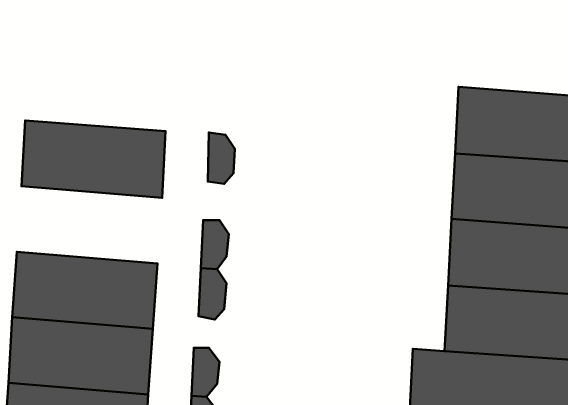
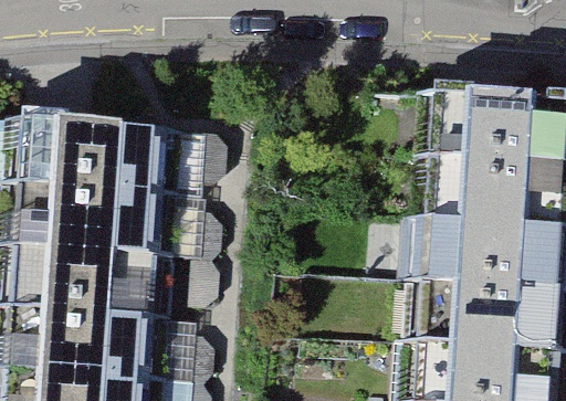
building: none -> [21,181,158,254]

